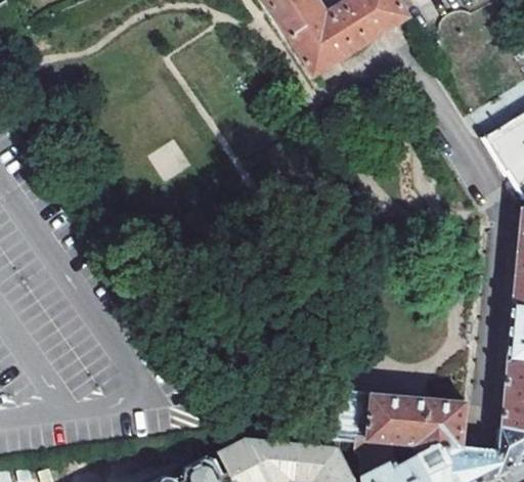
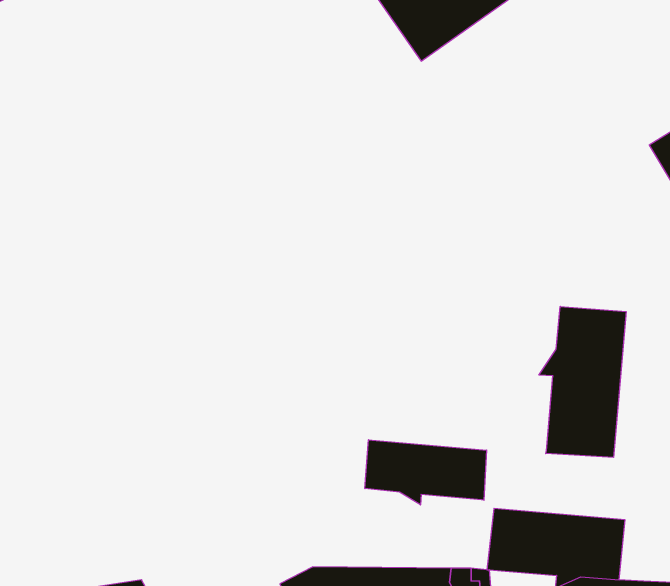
building: none -> [539,306,626,457]
building: none -> [365,440,487,505]

